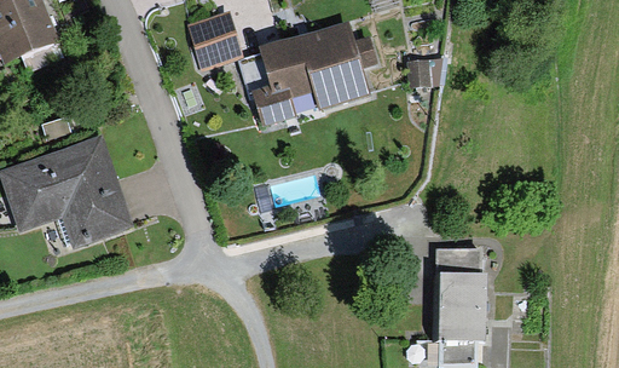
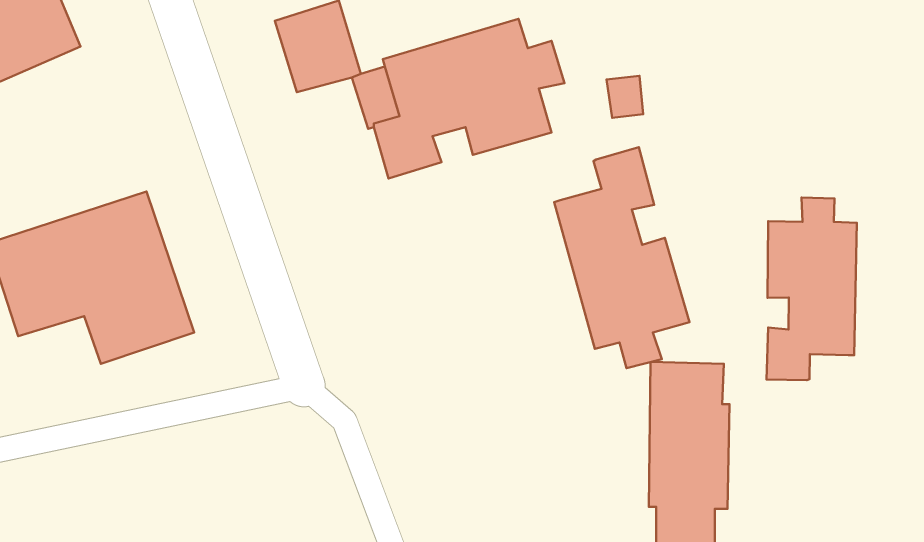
building: none -> [554,147,689,368]
building: none -> [767,197,857,380]

